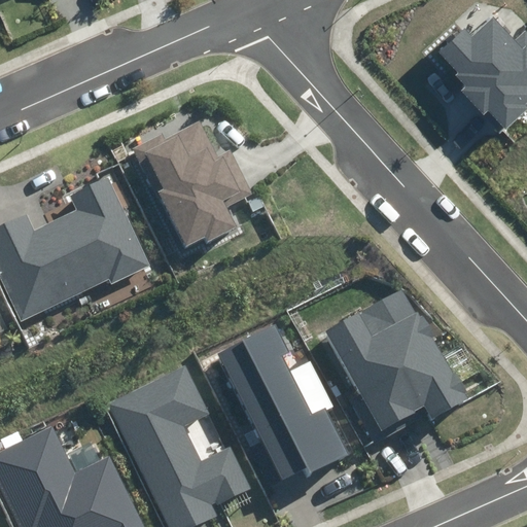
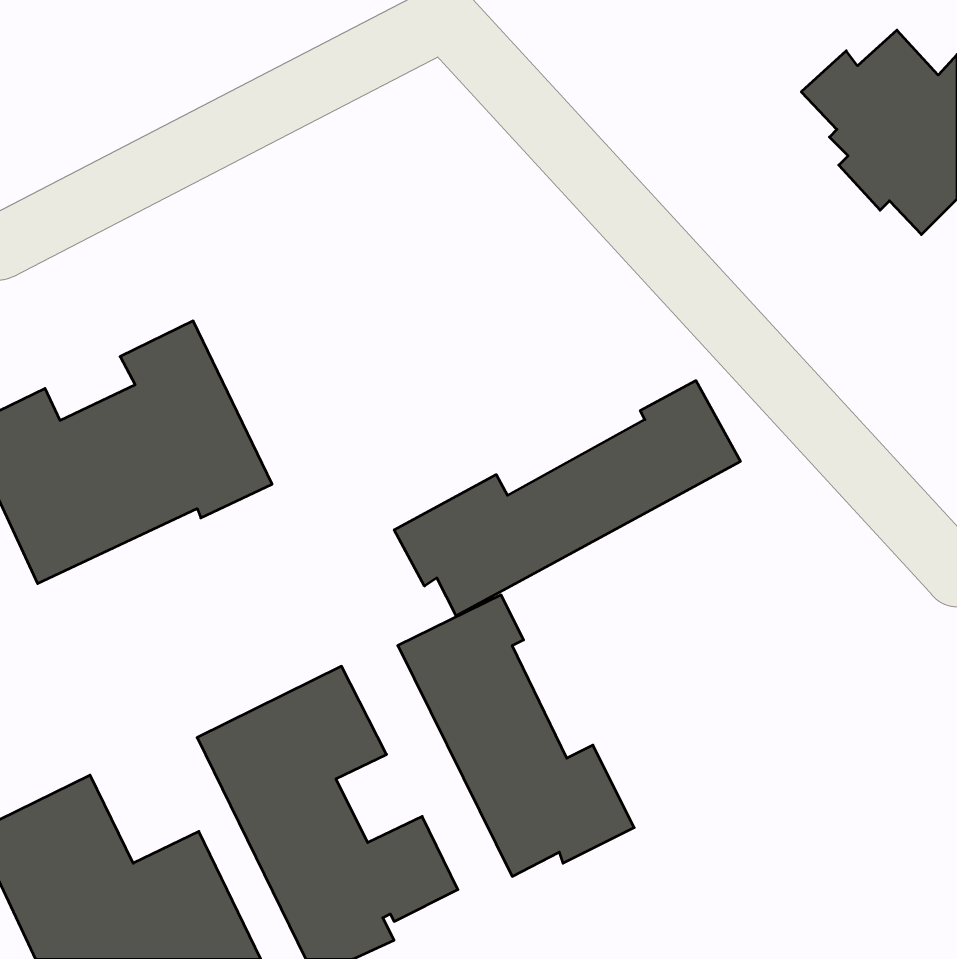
building: [133,121,253,247] -> none
building: none -> [394,381,740,616]
building: [325,289,467,445] -> none

